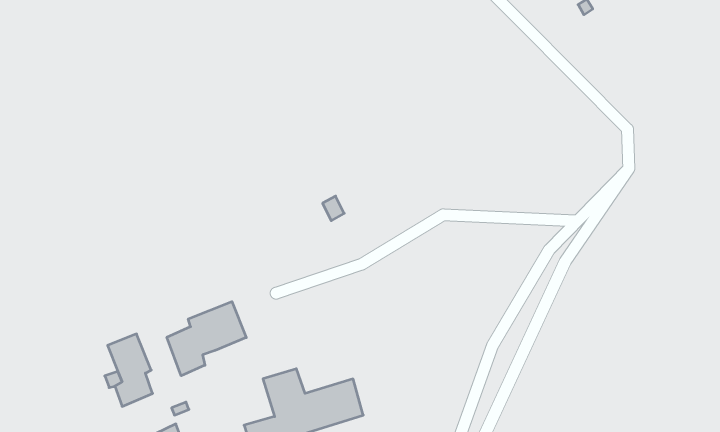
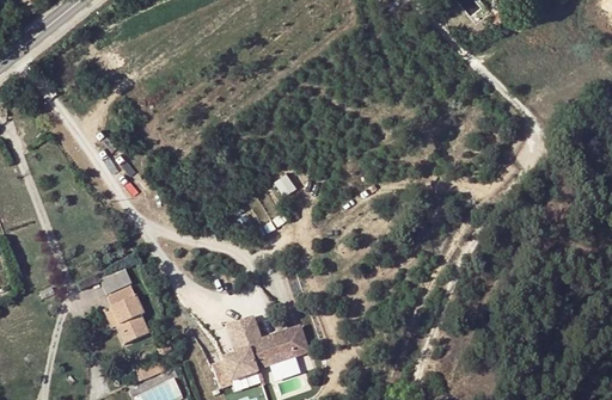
building: [167,302,246,376] -> none

